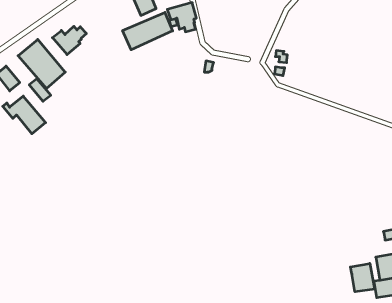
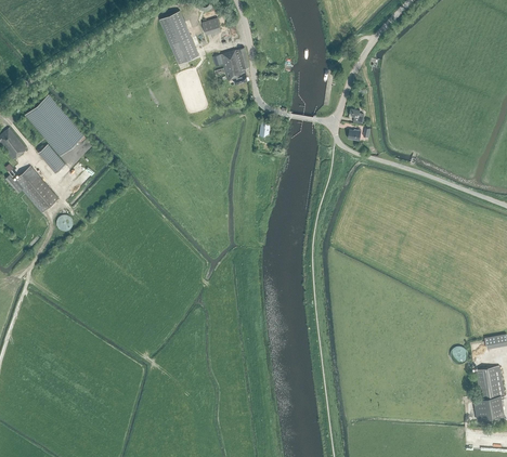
building: [123,12,173,50] -> none
building: [52,26,86,55] -> none
building: [350,263,375,292] -> none

